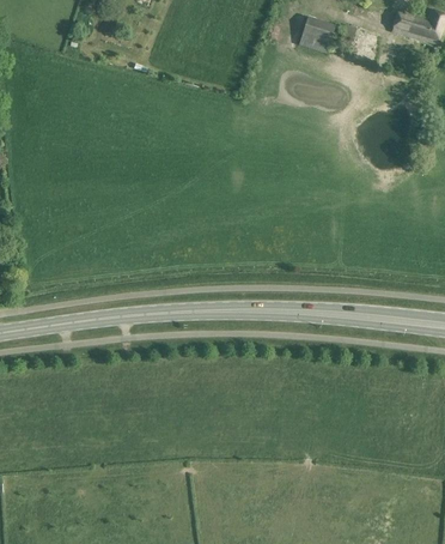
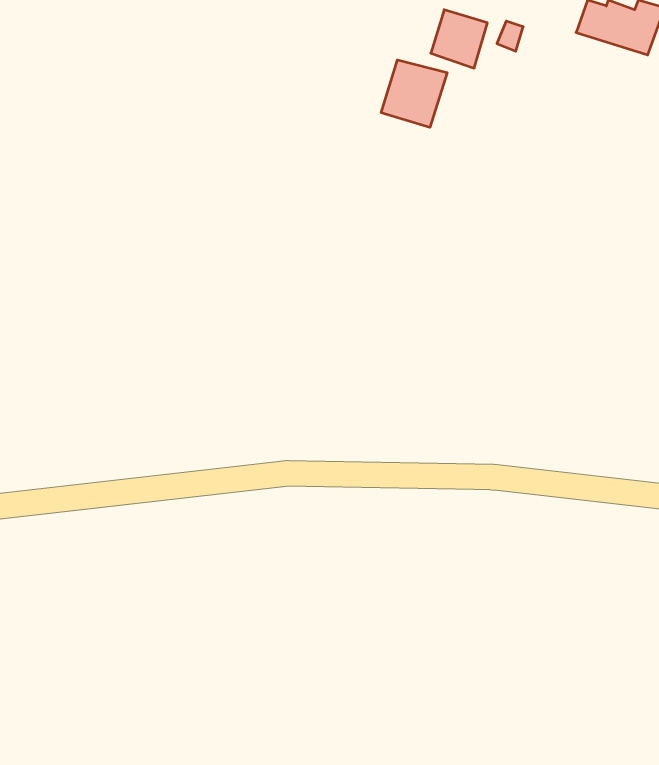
building: none -> [381,60,447,127]

